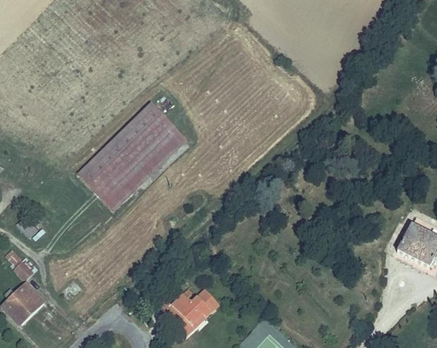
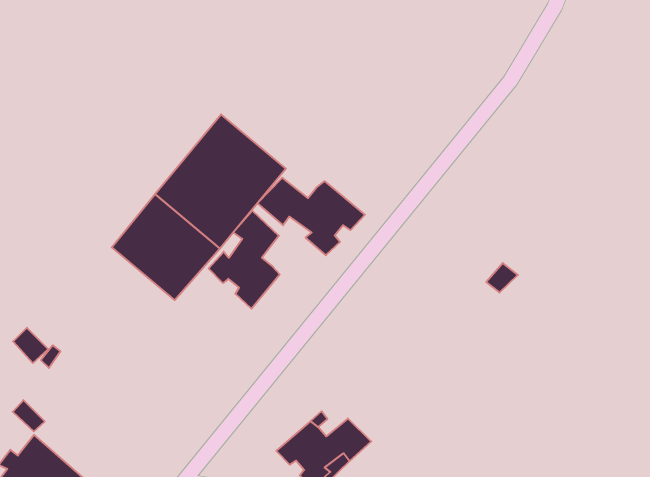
building: none -> [257,178,365,255]
building: none -> [209,210,280,309]

